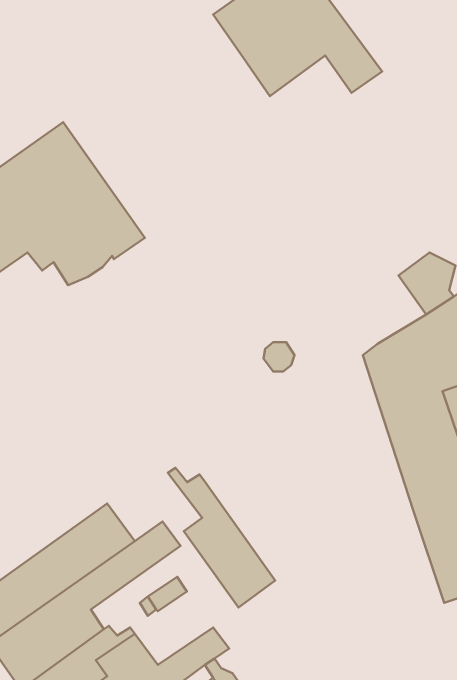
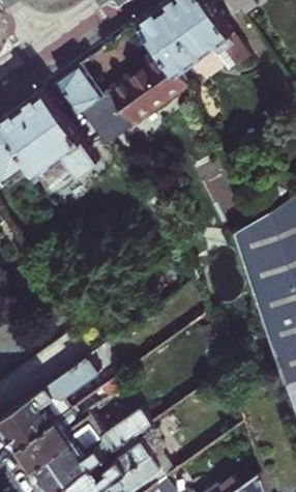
building: none -> [55,52,184,149]
building: [168,468,275,607] -> none

